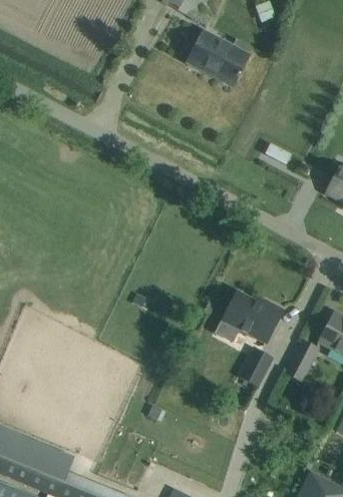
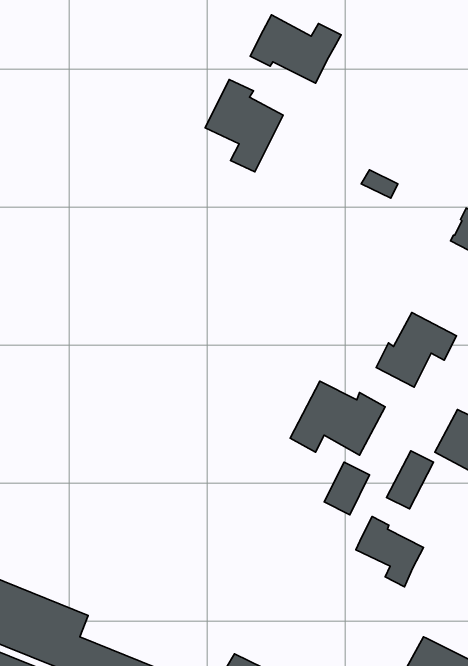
building: none -> [205,79,283,172]
building: none -> [376,312,456,387]
building: none -> [356,517,423,587]

